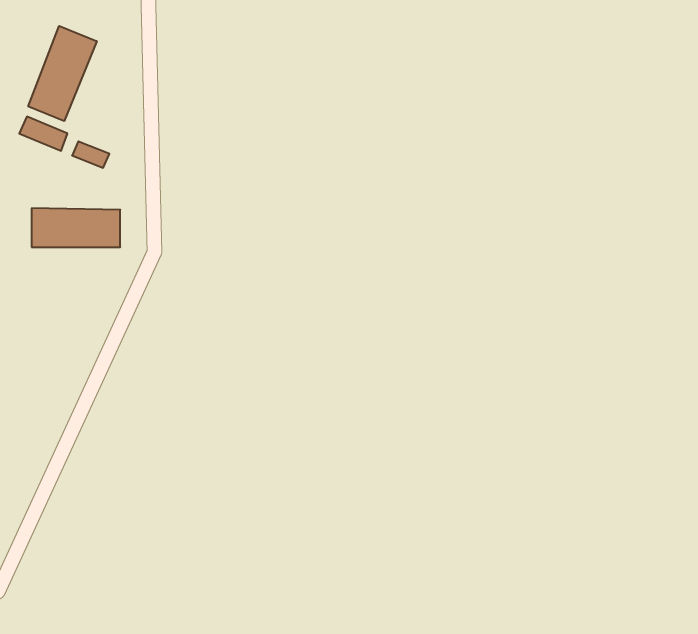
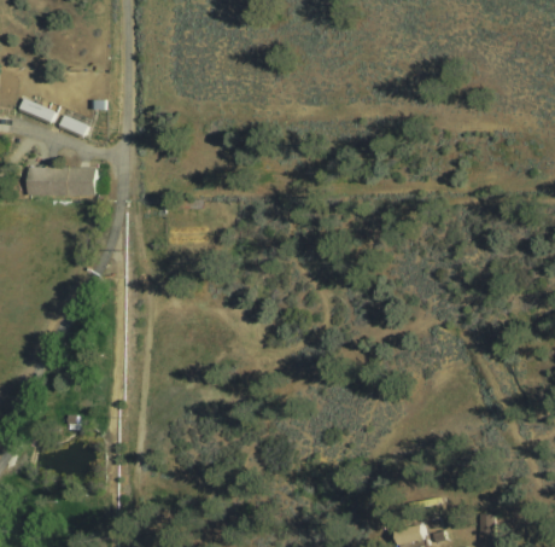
building: [28,26,97,121] -> none

